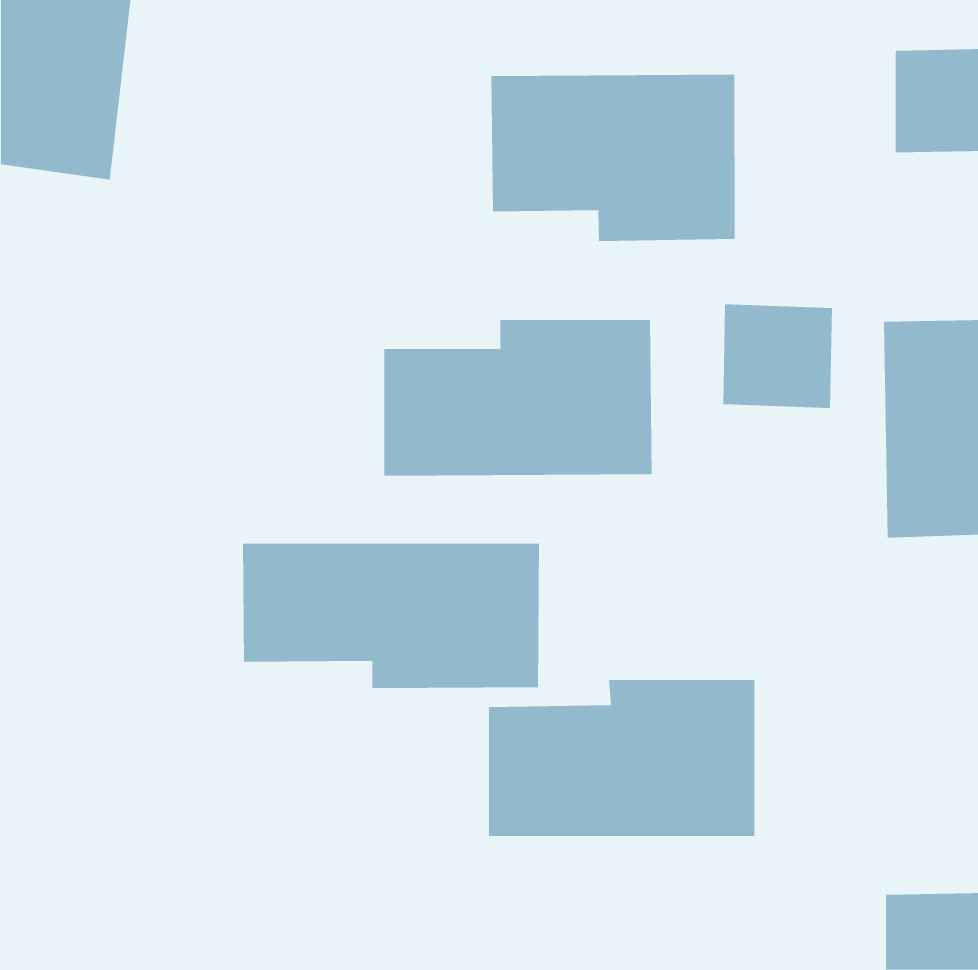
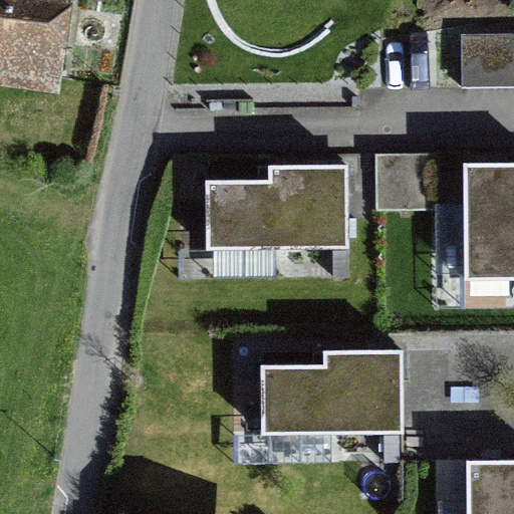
building: [491,74,735,242] -> none
building: [243,543,539,689] -> none

